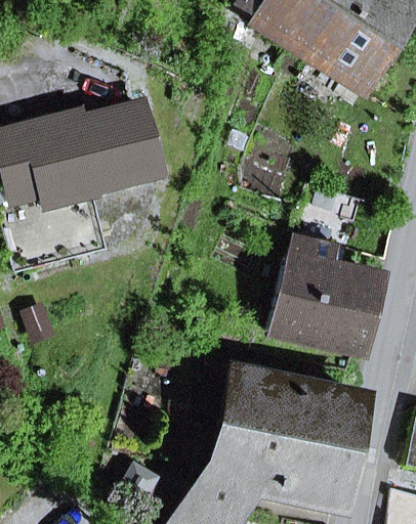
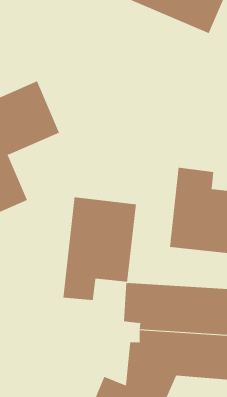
building: none -> [63,196,136,301]

